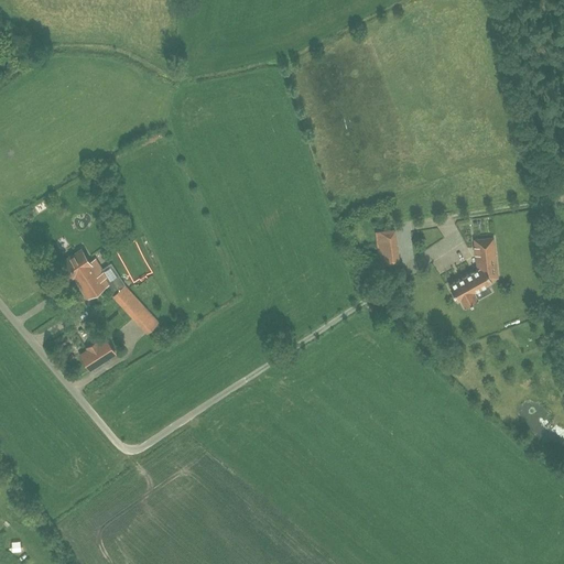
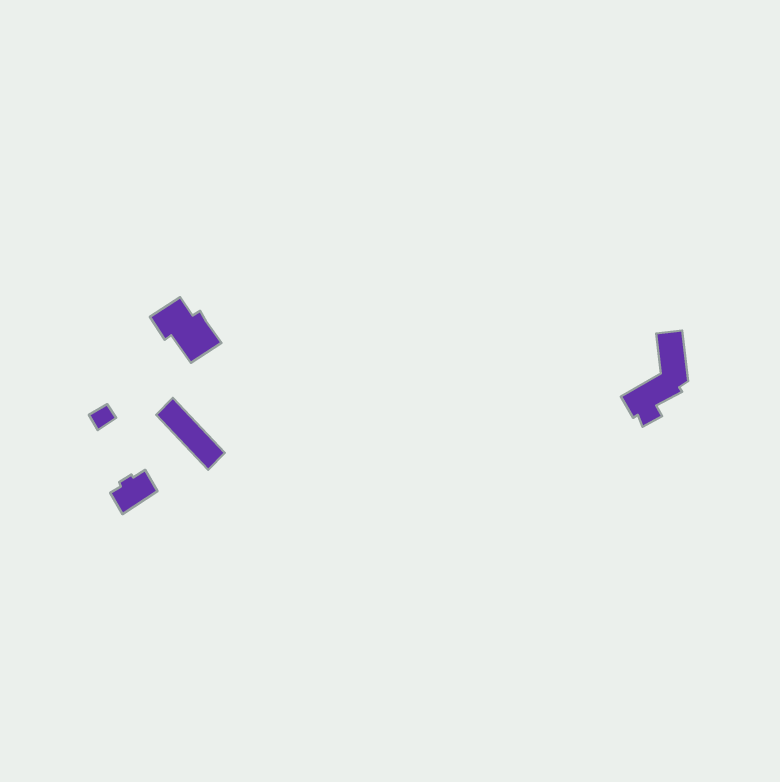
building: [373,229,400,267] -> none
building: [57,249,109,296] -> [150,297,222,363]

